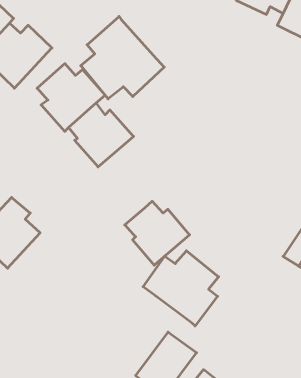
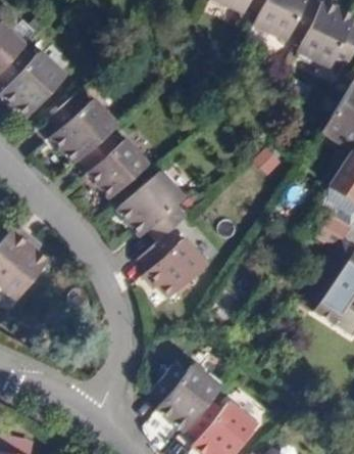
building: [81,16,164,99] -> none
building: none -> [117,171,187,241]
building: [143,251,219,326] -> none

